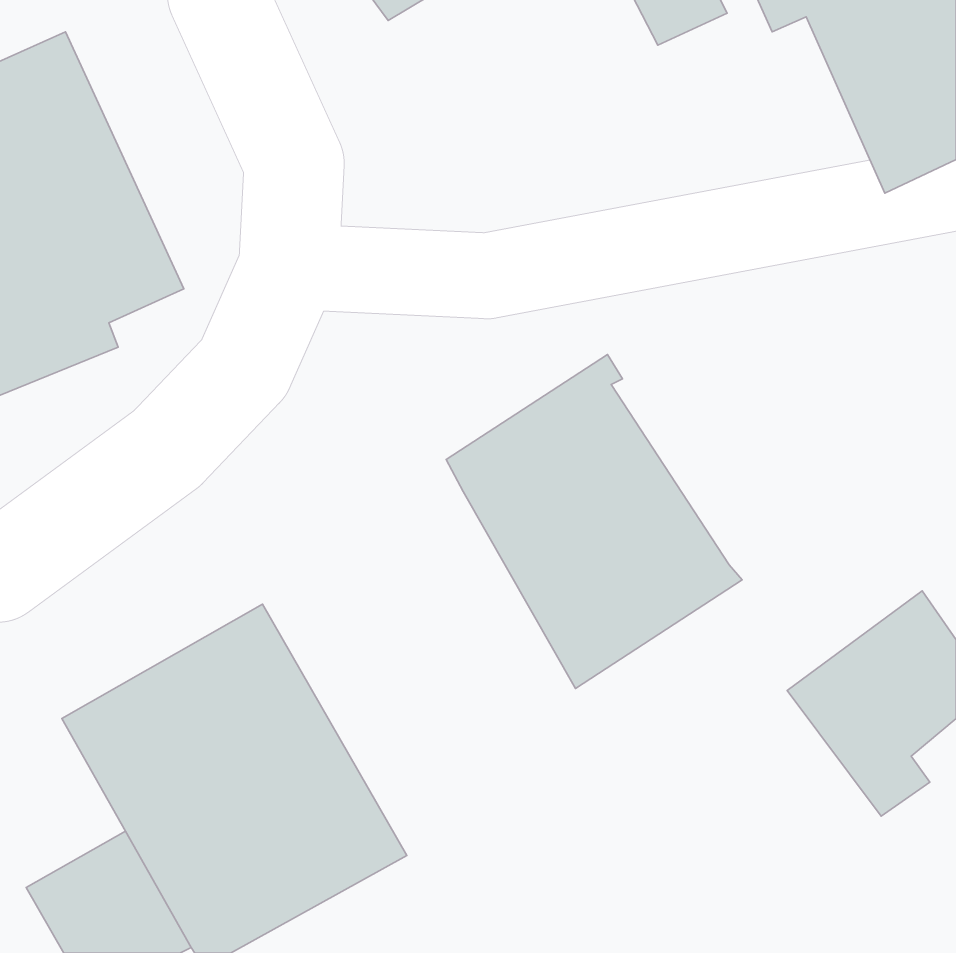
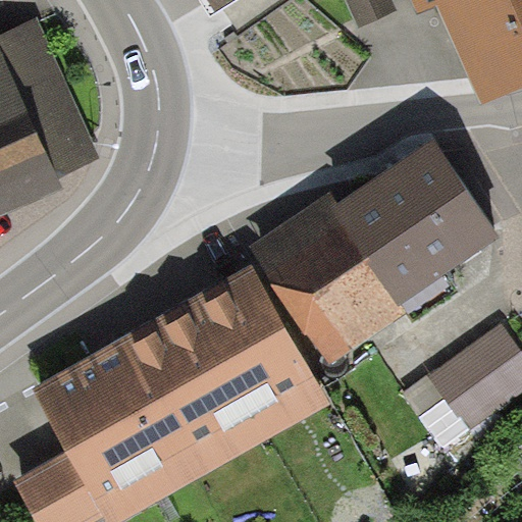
building: none -> [332,140,497,307]
building: none -> [143,267,329,465]

